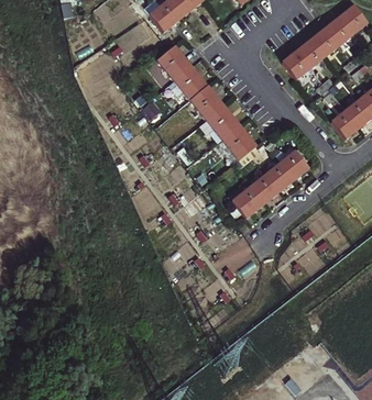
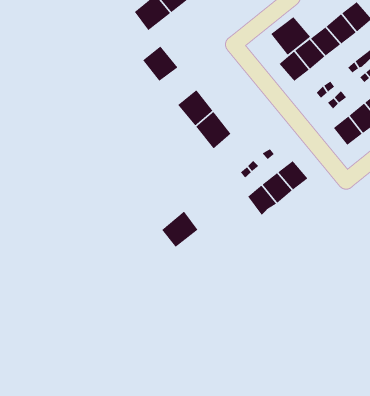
building: none -> [270,16,311,56]
building: [173,66,207,100] -> none
building: [222,126,255,159] -> none
building: [232,184,266,218] -> [161,210,199,248]

